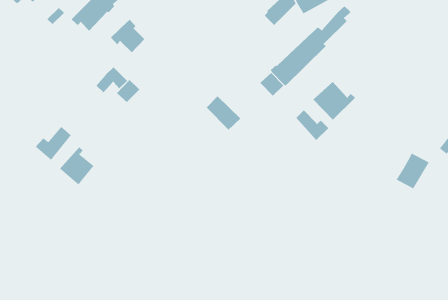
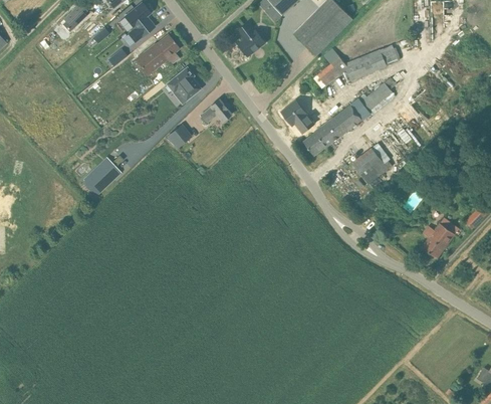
building: [95,66,128,93] -> [199,99,230,124]
building: [206,95,241,130] -> [282,99,314,134]
building: [295,109,329,141] -> none
building: [59,147,94,186] -> none

